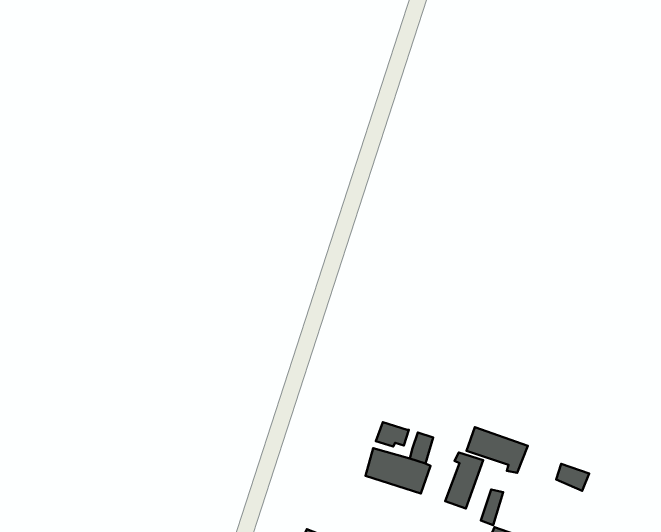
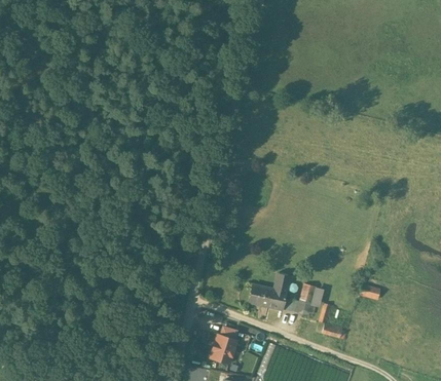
building: [466,427,528,473] -> none

